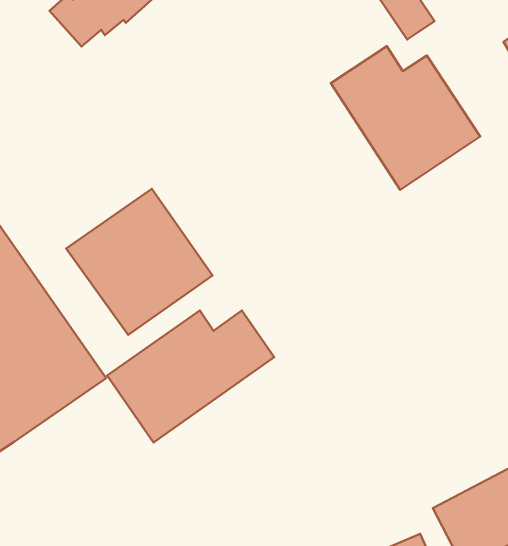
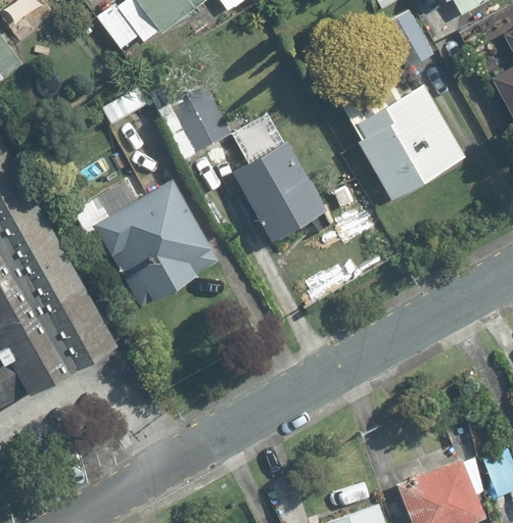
building: none -> [176,100,229,153]
building: none -> [232,140,327,241]
building: [107,310,274,443] -> none

